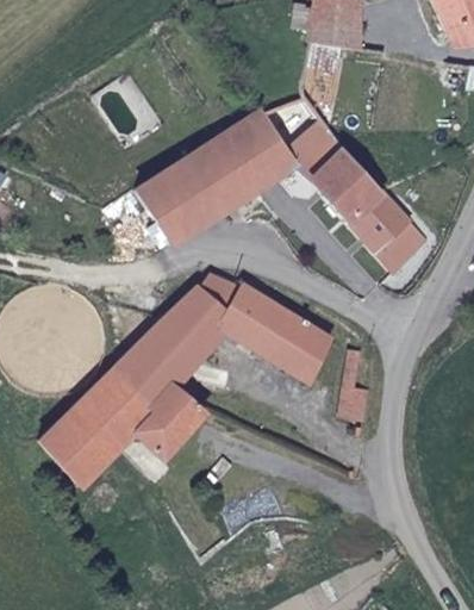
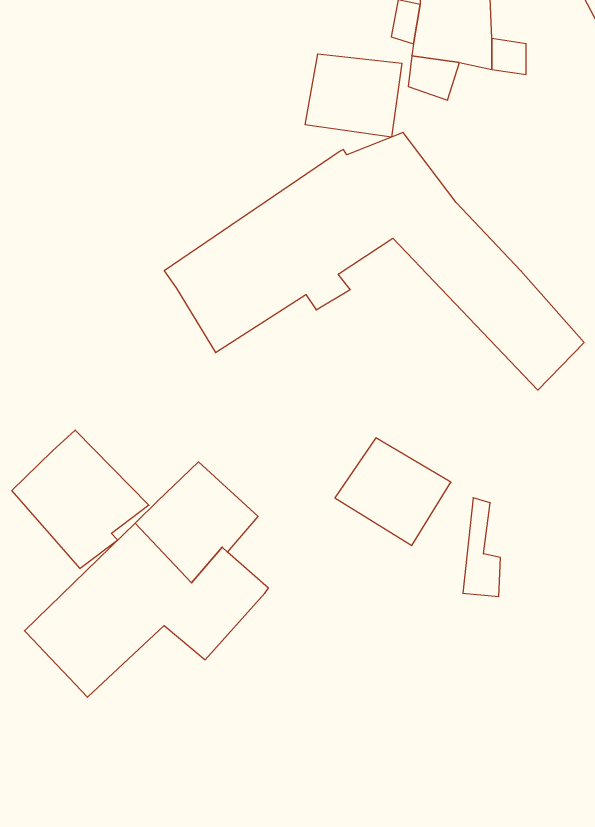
building: none -> [305,54,402,137]
building: [158,272,282,361] -> none
building: none -> [12,430,149,568]

